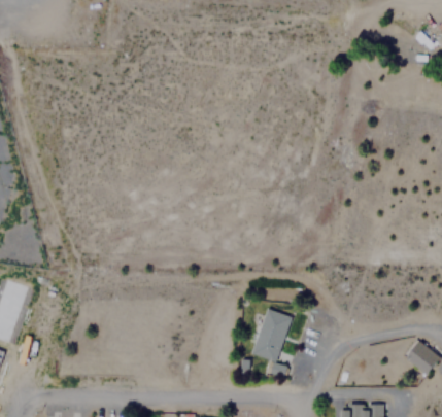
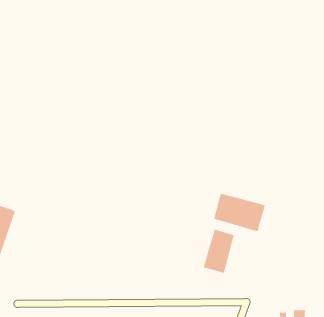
building: none -> [213,193,265,232]

